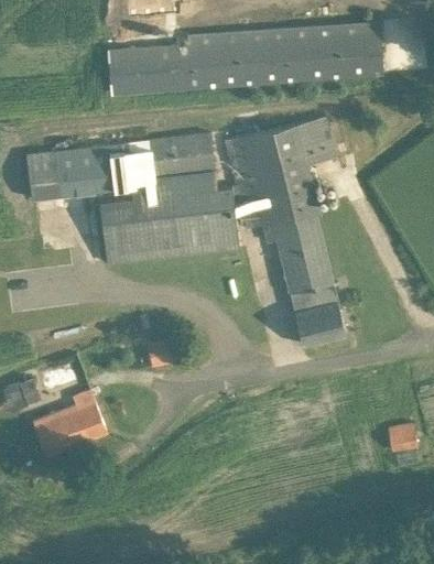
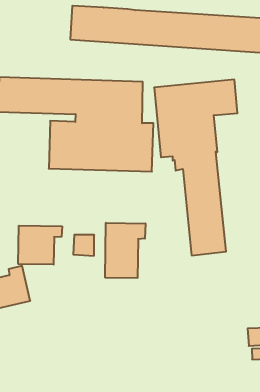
building: none -> [105,223,145,278]
building: none -> [18,226,62,265]

